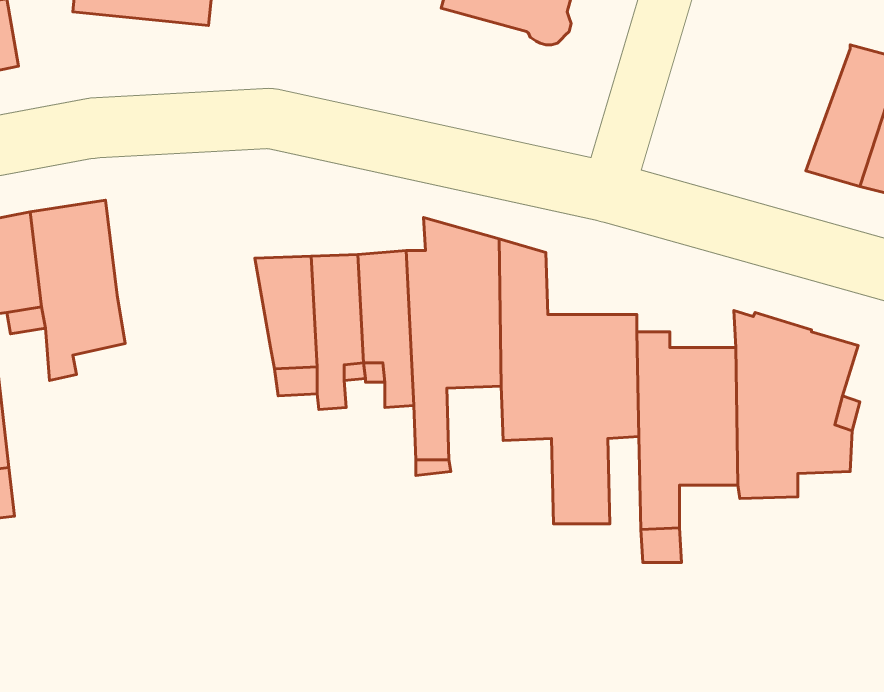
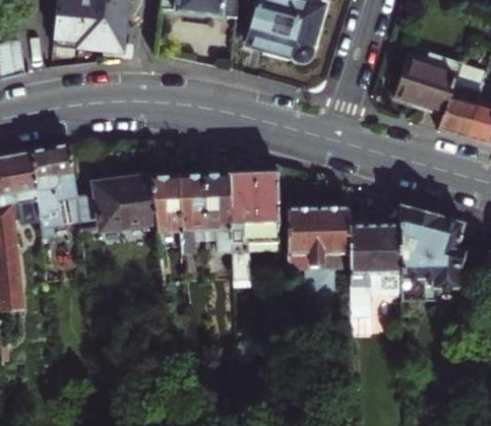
building: none -> [393,55,462,115]
building: none -> [77,175,158,230]

